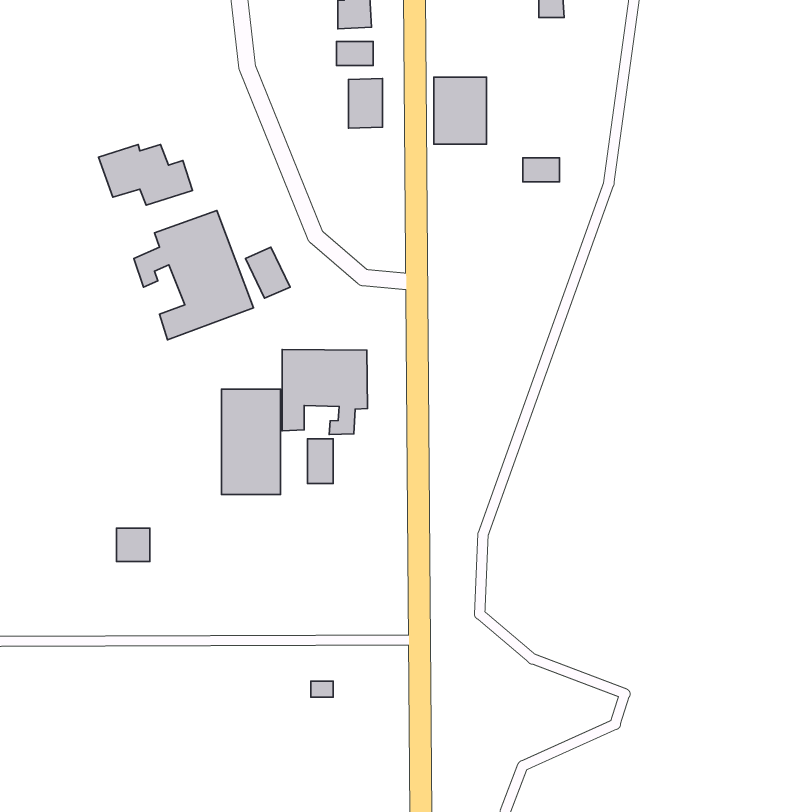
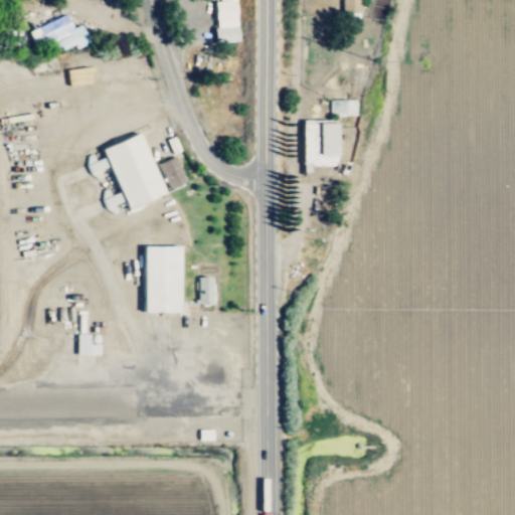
building: [434,77,486,144] -> [306,122,339,164]
building: [348,78,383,128] -> none
building: [98,144,192,205] -> [31,13,91,51]
building: [282,350,368,435] -> none

